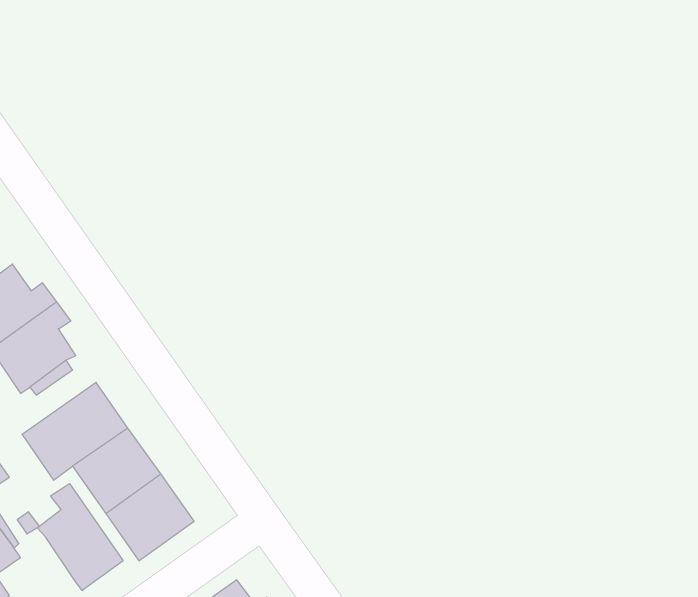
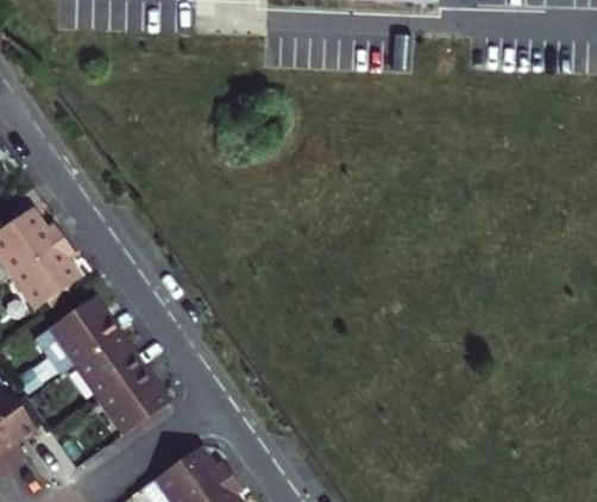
building: [37,484,123,591] -> none

